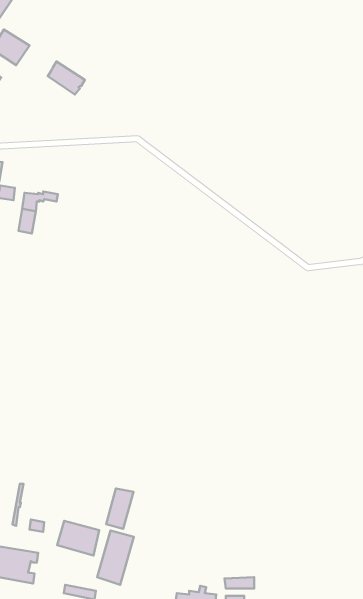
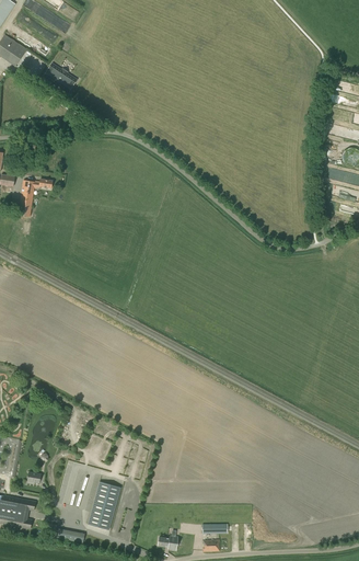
building: [106,488,134,529] -> none
building: [57,521,99,555] -> none

